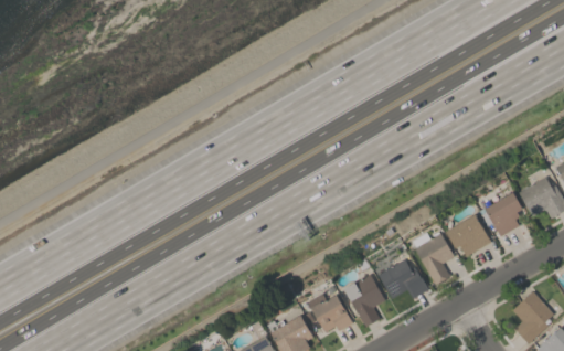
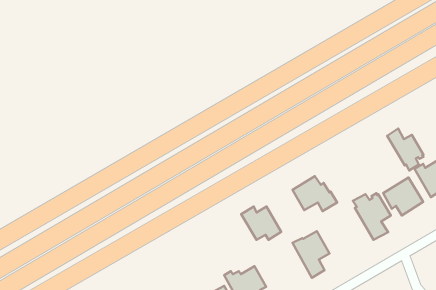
building: none -> [387,129,423,170]
building: [379,259,429,299] -> [292,176,337,211]
building: [308,294,353,331] -> [241,207,281,240]

